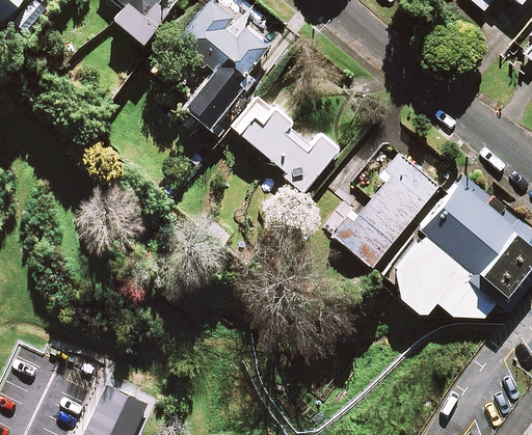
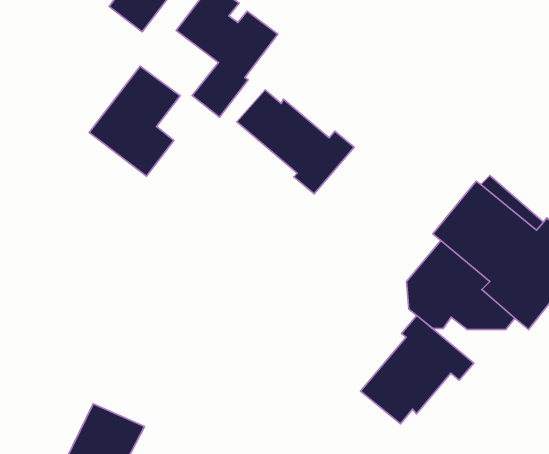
building: none -> [89,66,180,176]
building: [335,154,440,267] -> none
building: none -> [360,316,474,424]

